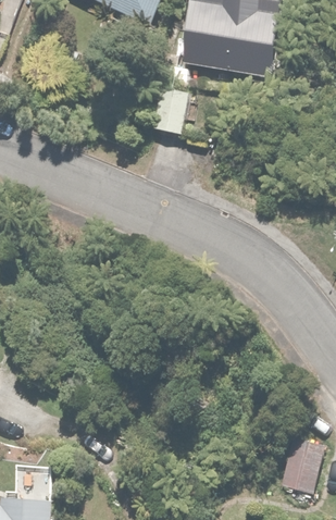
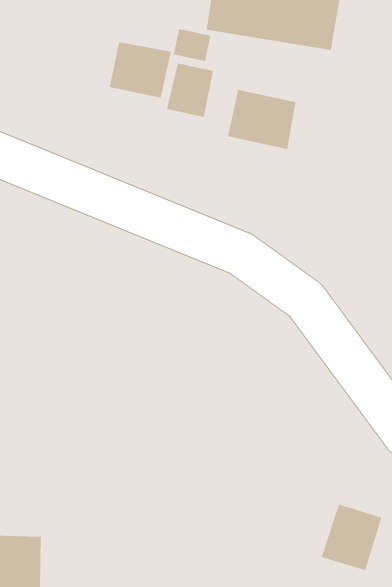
building: none -> [109,41,171,98]
building: none -> [228,89,296,150]

